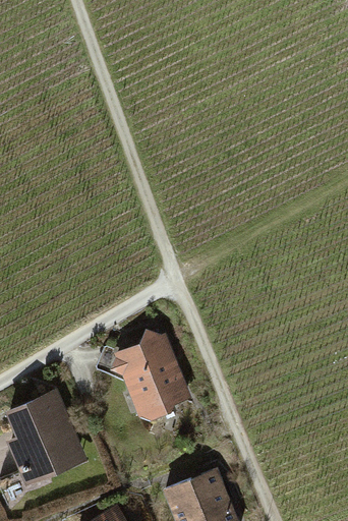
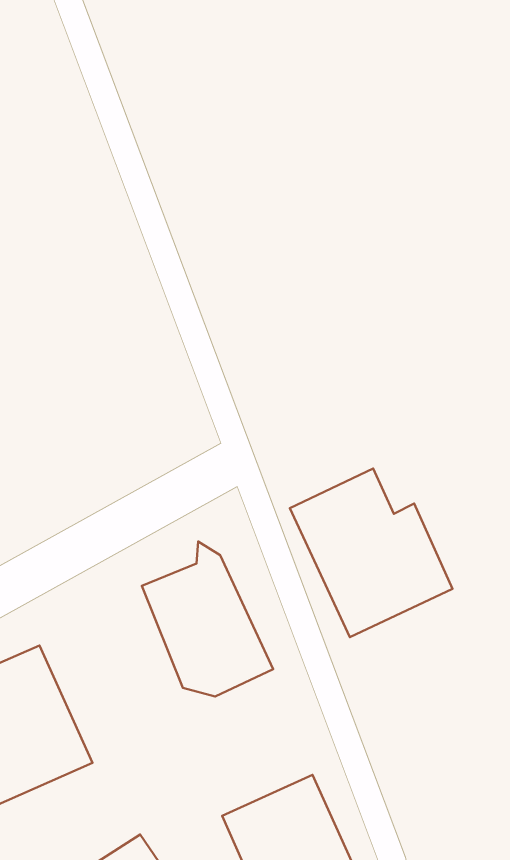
building: none -> [290,469,452,637]

